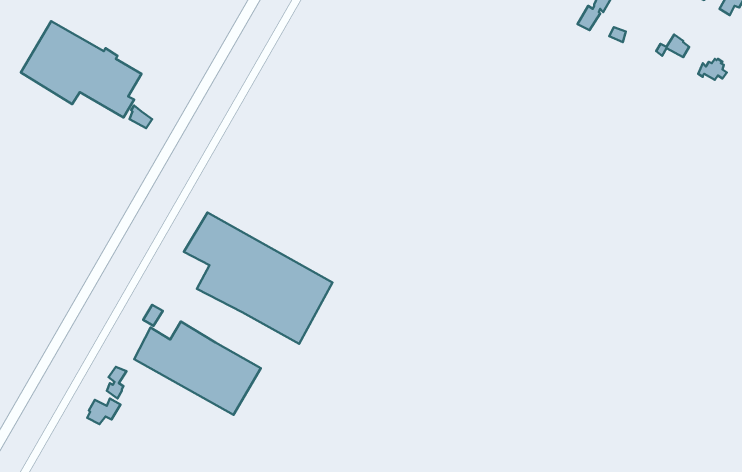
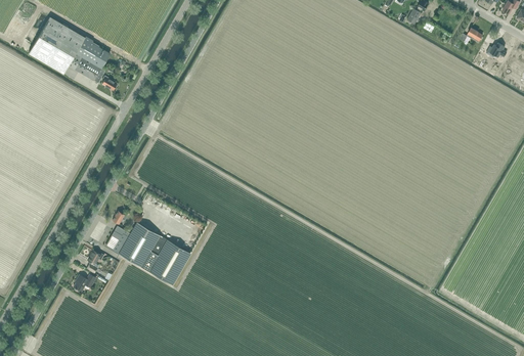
building: [184,212,332,344] -> none

